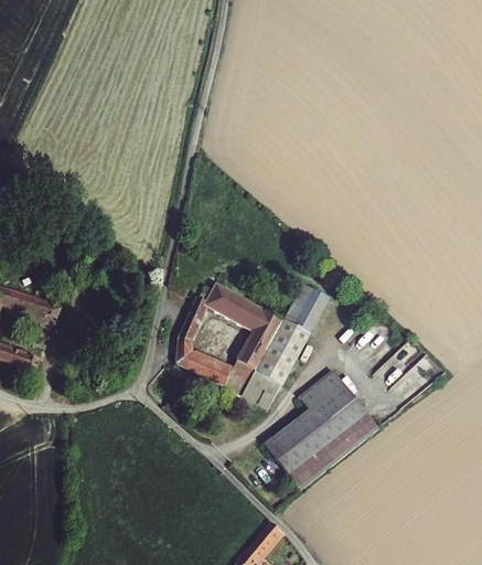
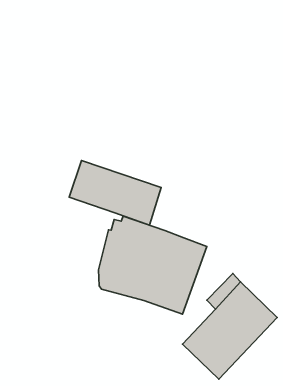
building: none -> [69,160,161,225]
building: [285,282,330,333] -> none

